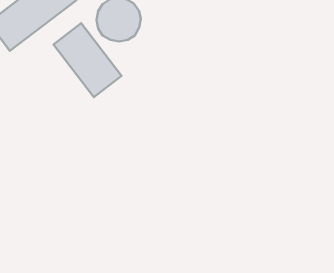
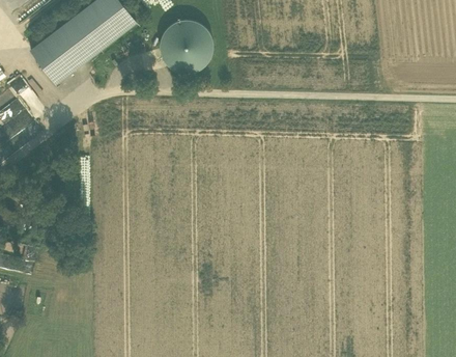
building: [53,23,122,97] -> none

